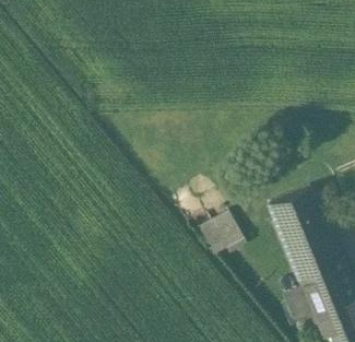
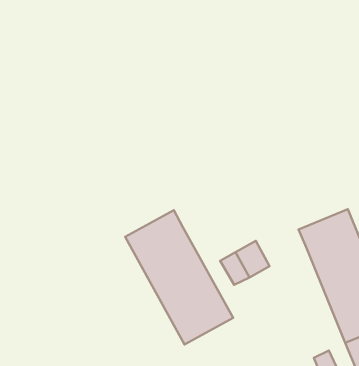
building: none -> [125,210,233,345]

